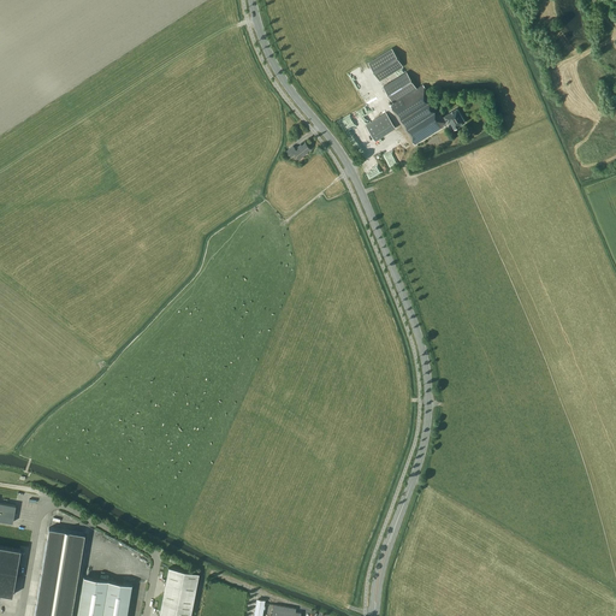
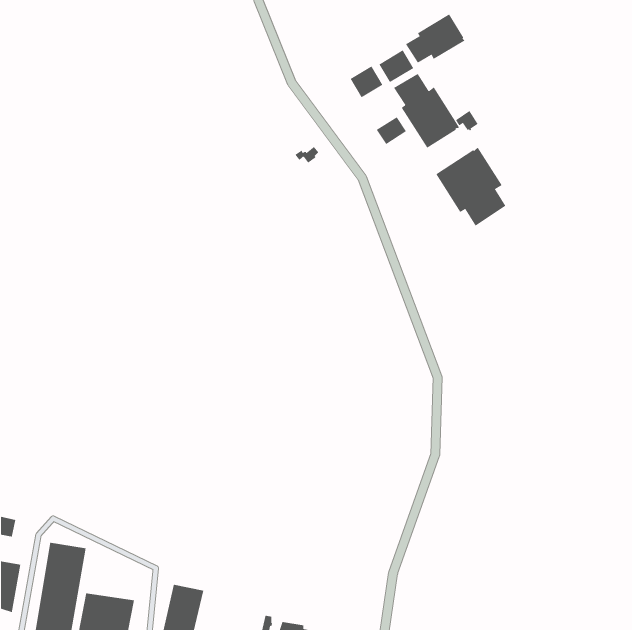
building: none -> [405,14,466,64]
building: none -> [350,66,383,98]
building: none -> [435,147,506,226]

